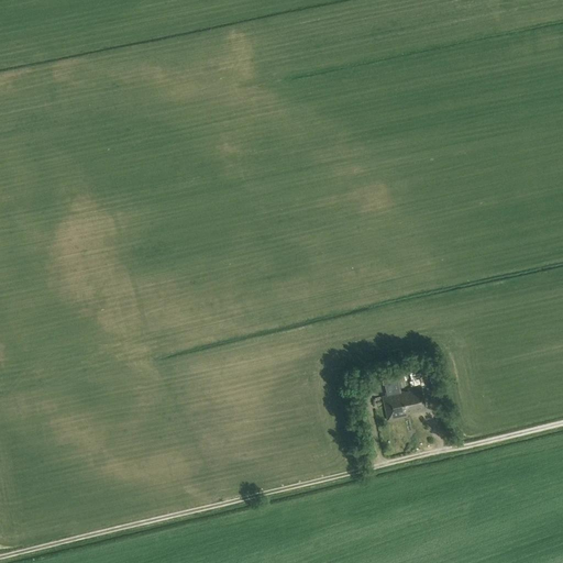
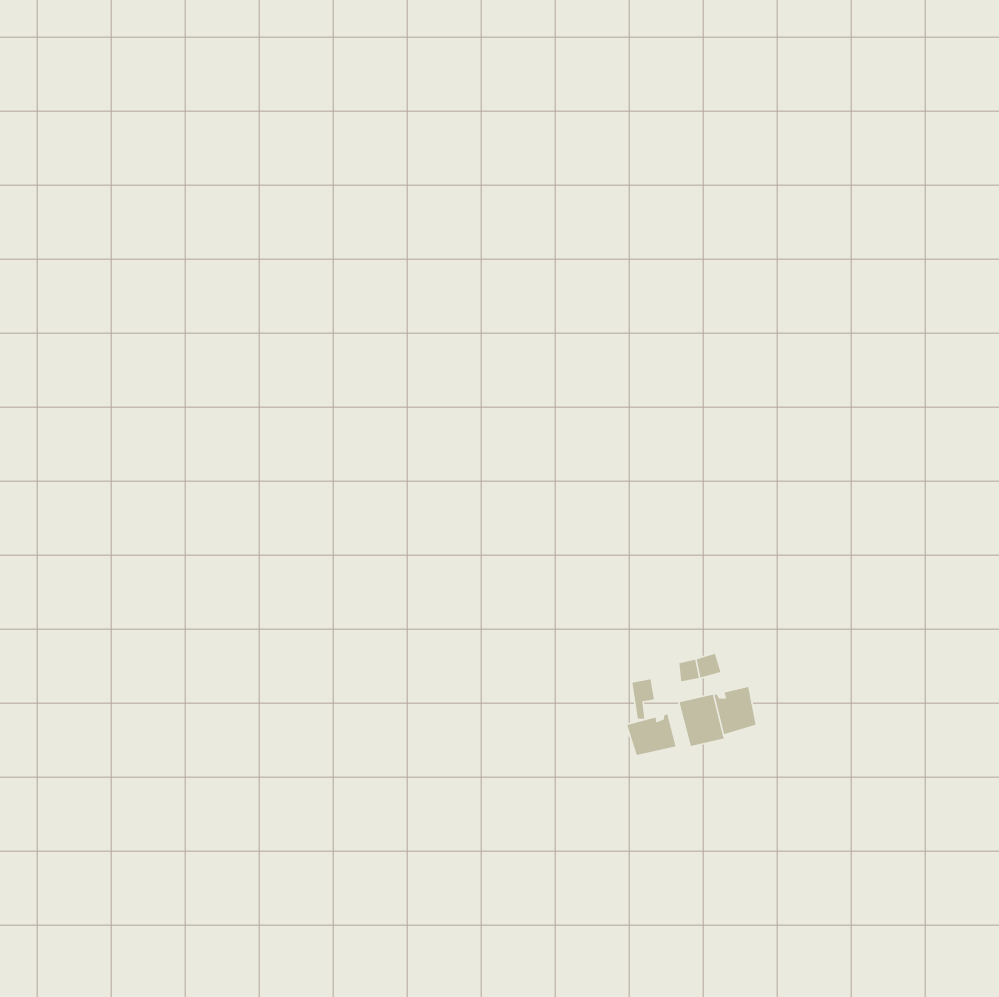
building: none -> [626,713,677,756]

